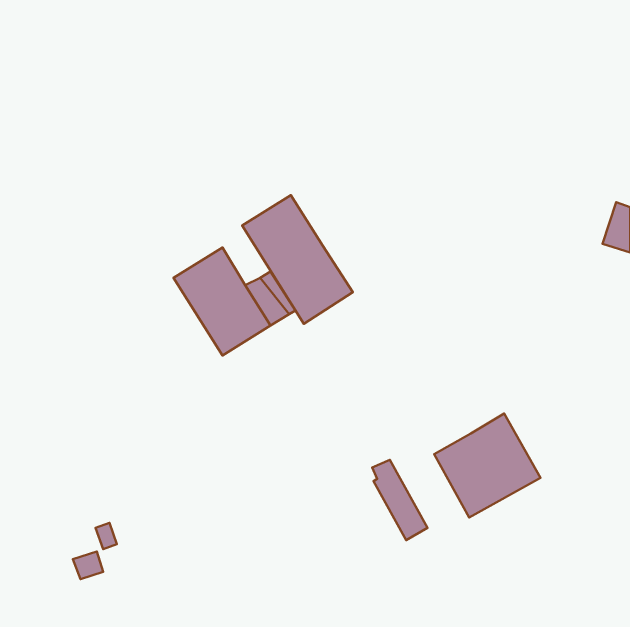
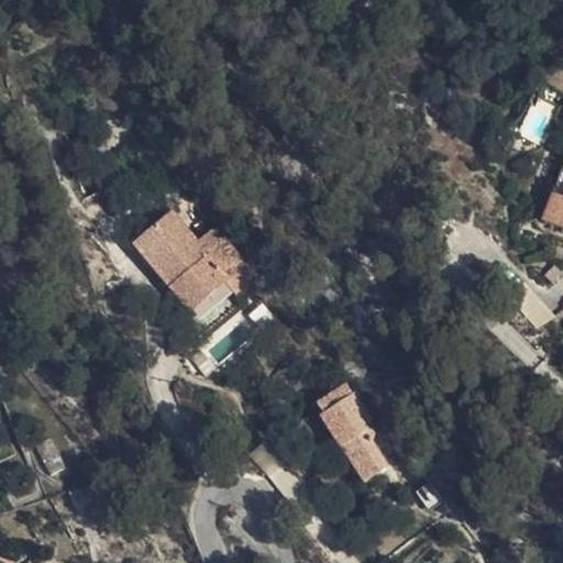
building: [242,195,353,324] -> none
building: [434,414,541,517] -> none

